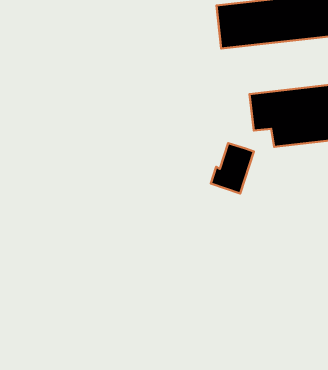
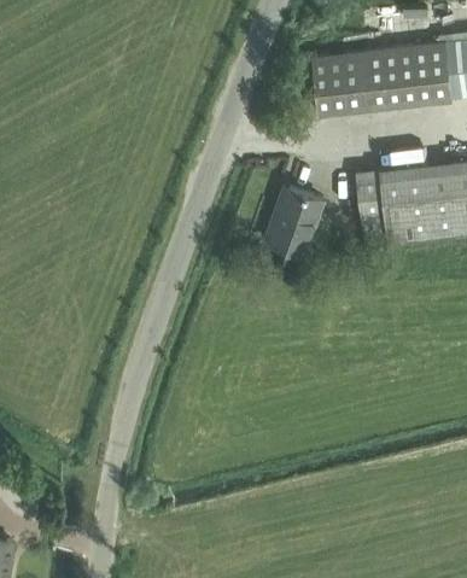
building: [211,143,254,193] -> [267,189,323,256]

